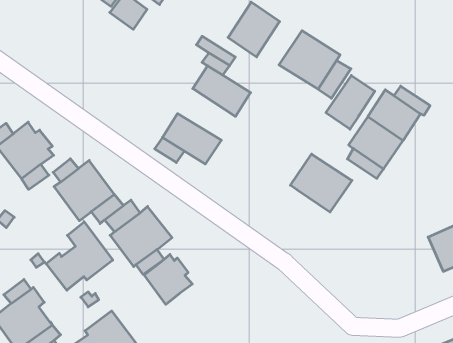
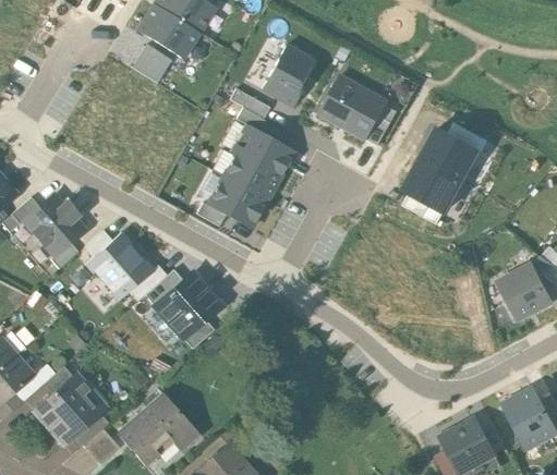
building: [326,75,375,129] -> none
building: none -> [215,144,278,197]
building: [290,154,352,212] -> none
building: [46,222,113,290] -> none
building: [144,254,192,304] -> none

